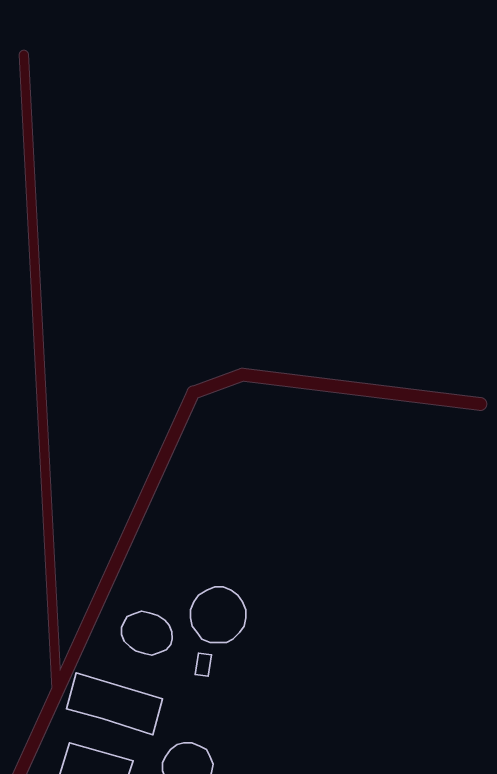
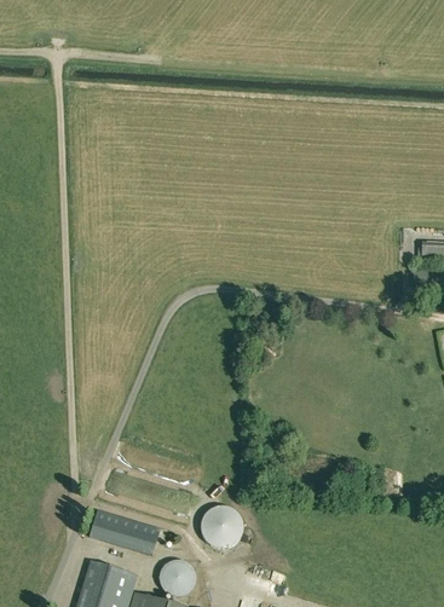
building: [191,587,246,642] -> [201,507,242,548]
building: [121,611,172,655] -> none

